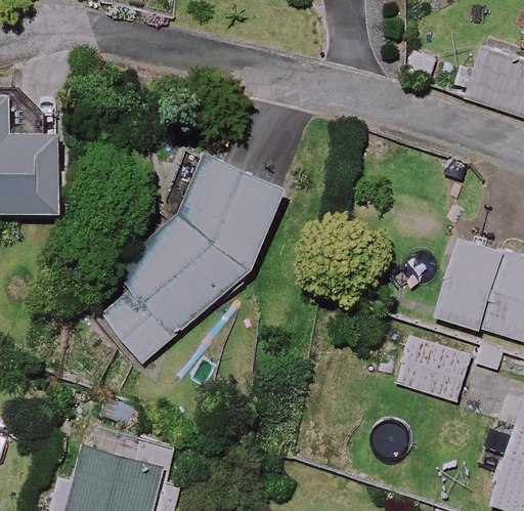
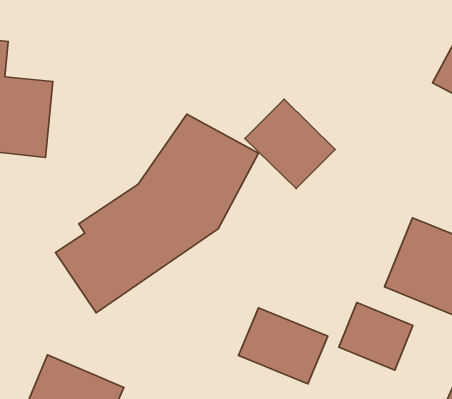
building: none -> [245,99,335,189]
building: none -> [239,308,328,384]

